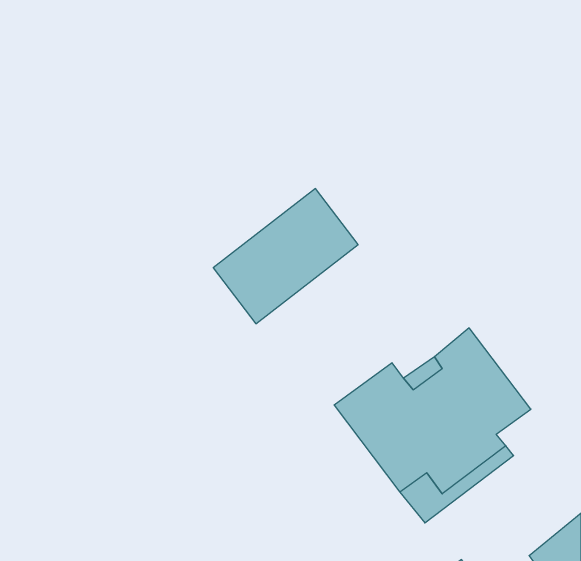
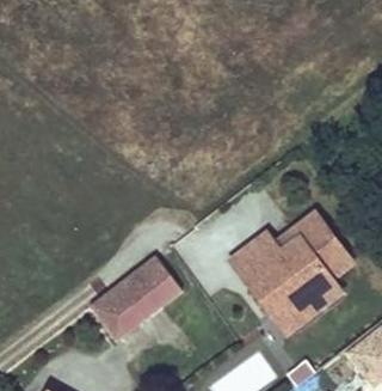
building: [213,189,358,324] -> [88,252,178,336]

